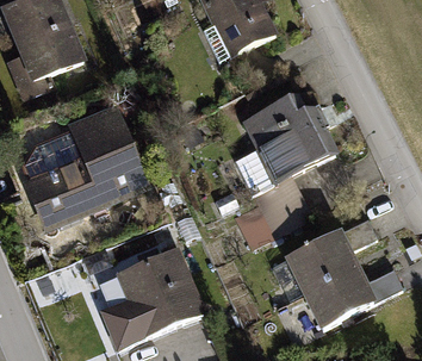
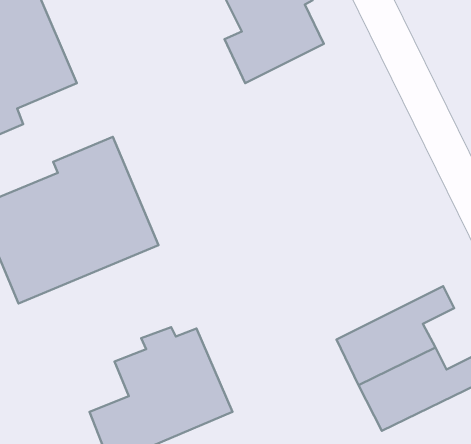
building: [226,91,325,249] -> none

